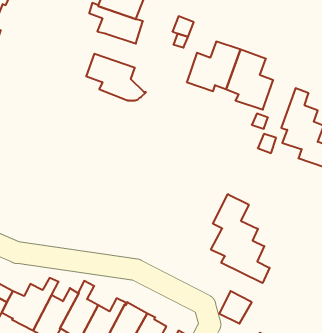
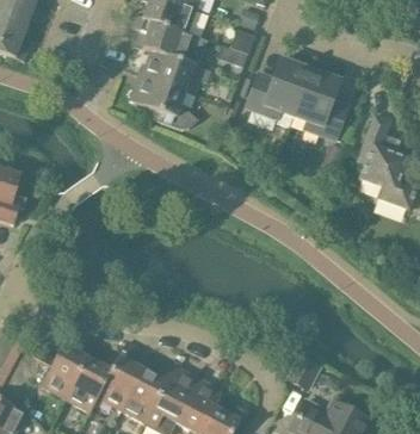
building: none -> [138,49,211,89]
building: [211,194,270,283] -> none

